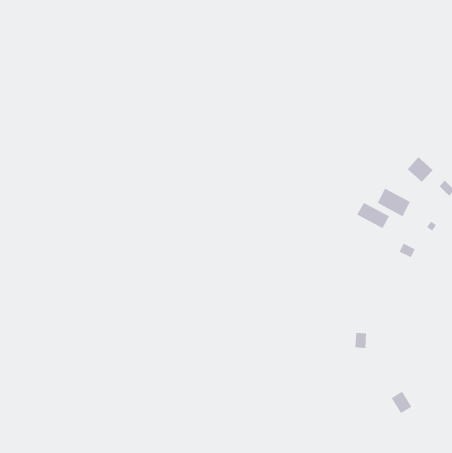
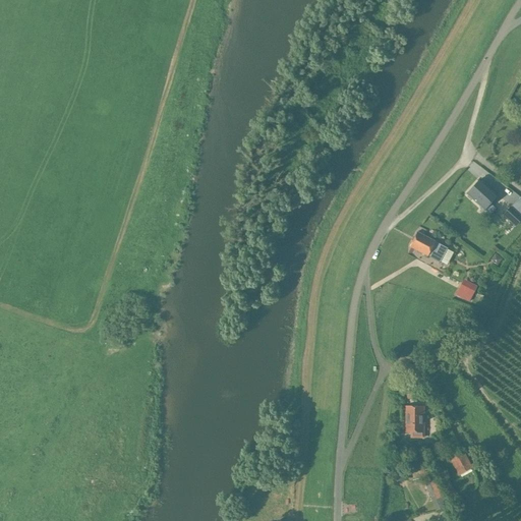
building: [377,188,411,217] -> none
building: none -> [406,406,424,438]

